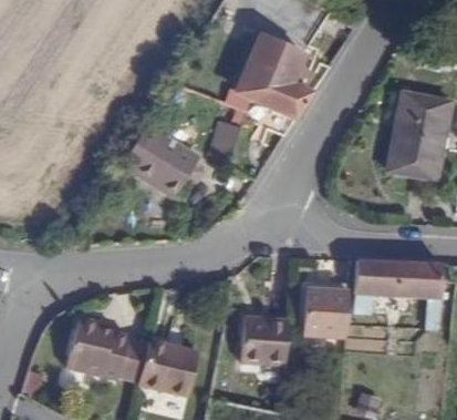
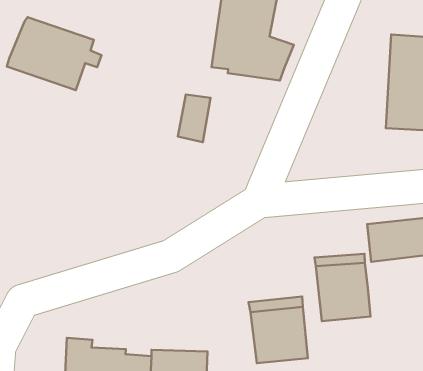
building: [116,127,200,198] -> [7,17,101,90]

